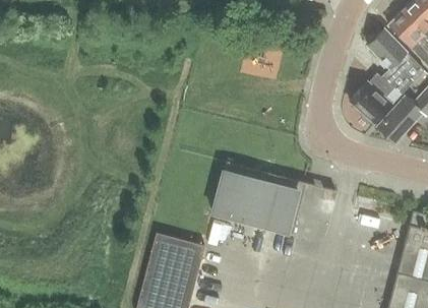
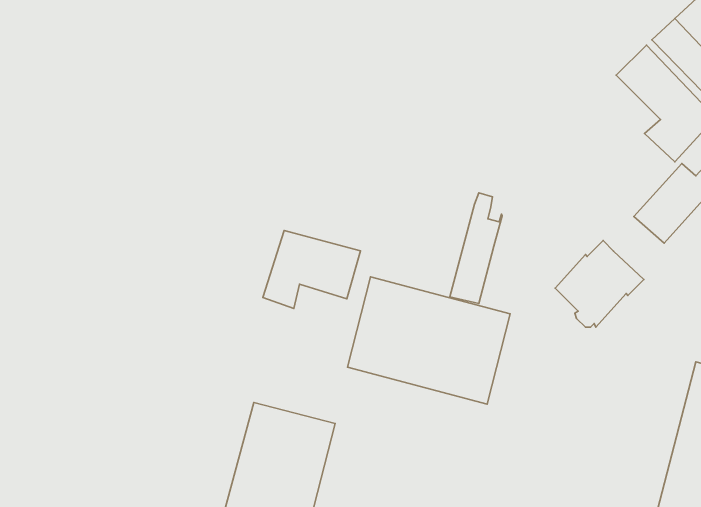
building: [350,73,401,123] -> [555,240,644,327]
building: none -> [450,193,502,304]
building: none -> [263,230,361,309]

